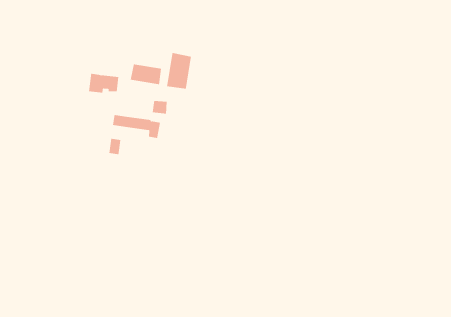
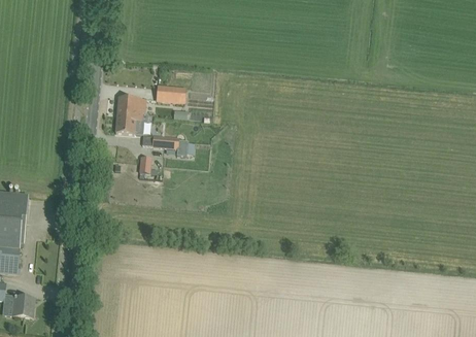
building: [167,52,192,90] -> none
building: none -> [114,110,146,133]

